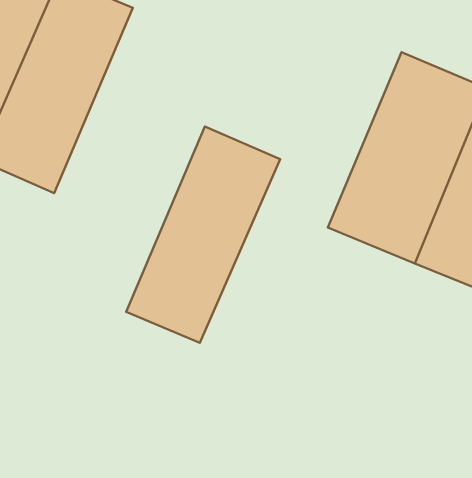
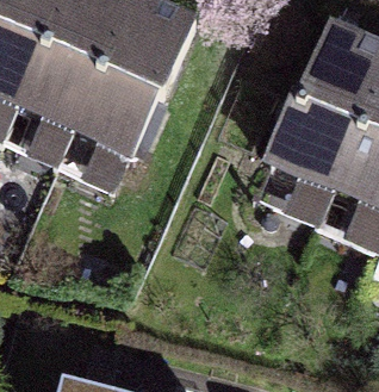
building: [126,127,280,343] -> [70,13,182,170]

